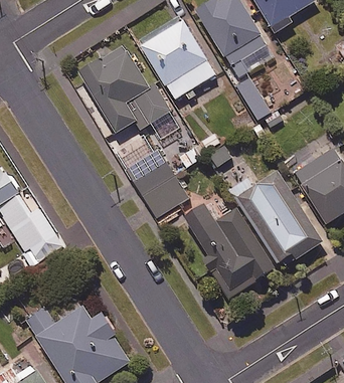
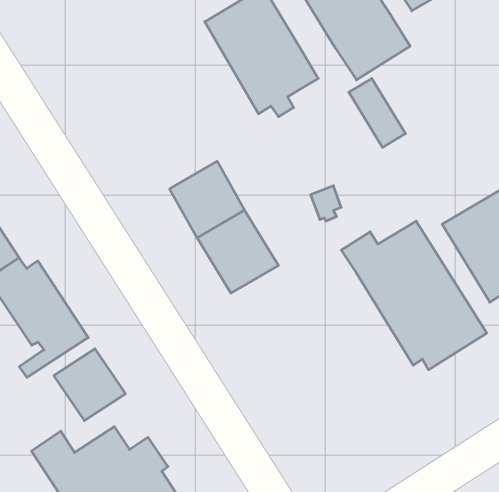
building: [78,43,169,131] -> none
building: [182,200,278,298] -> none
building: none -> [54,349,125,421]

